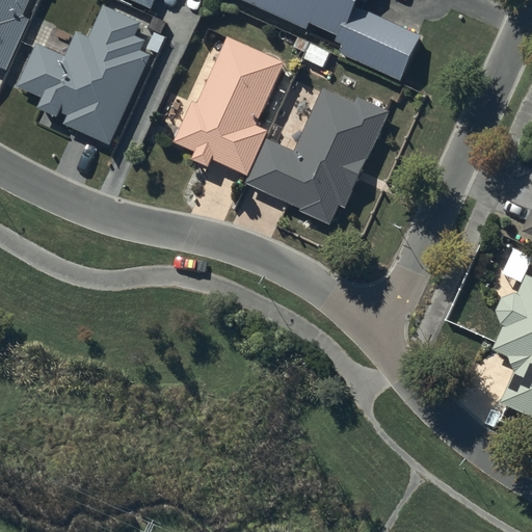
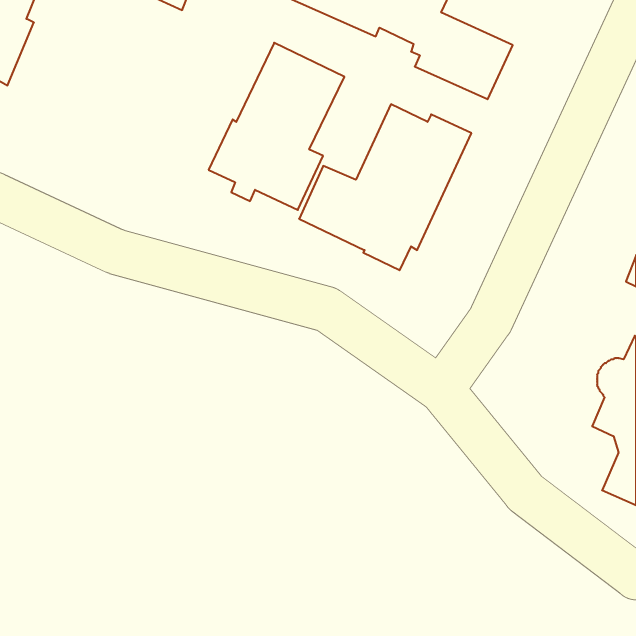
building: [17,6,149,144] -> none

